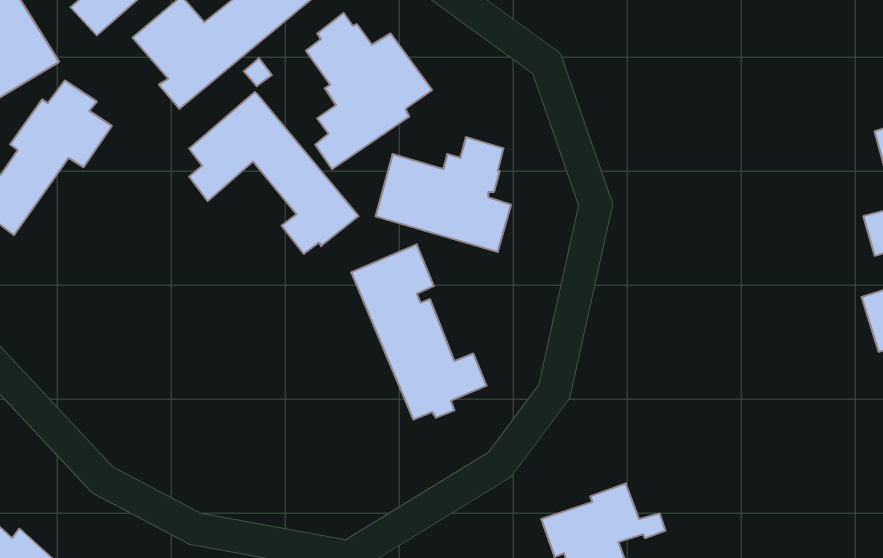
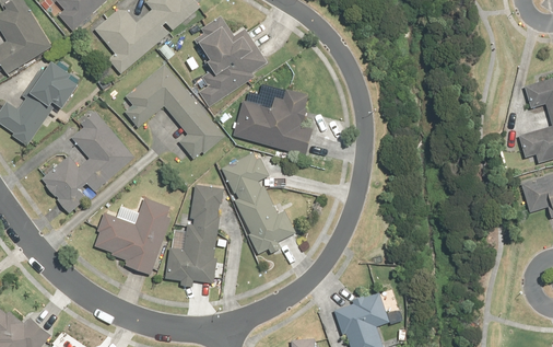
building: none -> [39,108,133,215]
building: none -> [165,185,223,287]
building: none -> [94,200,172,277]

